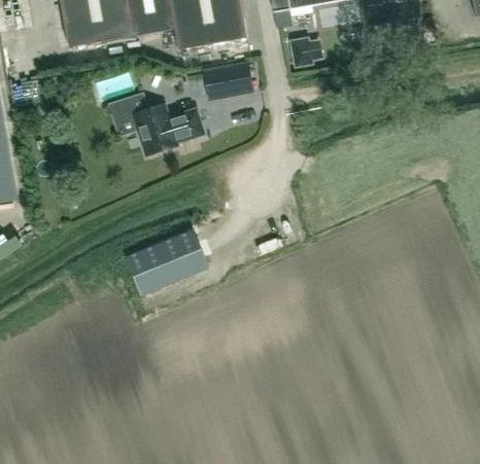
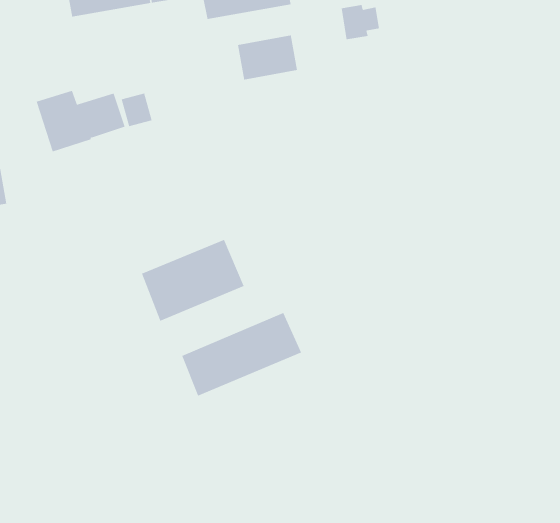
building: [133,103,206,153] -> [36,90,125,152]
building: none -> [181,312,302,396]

